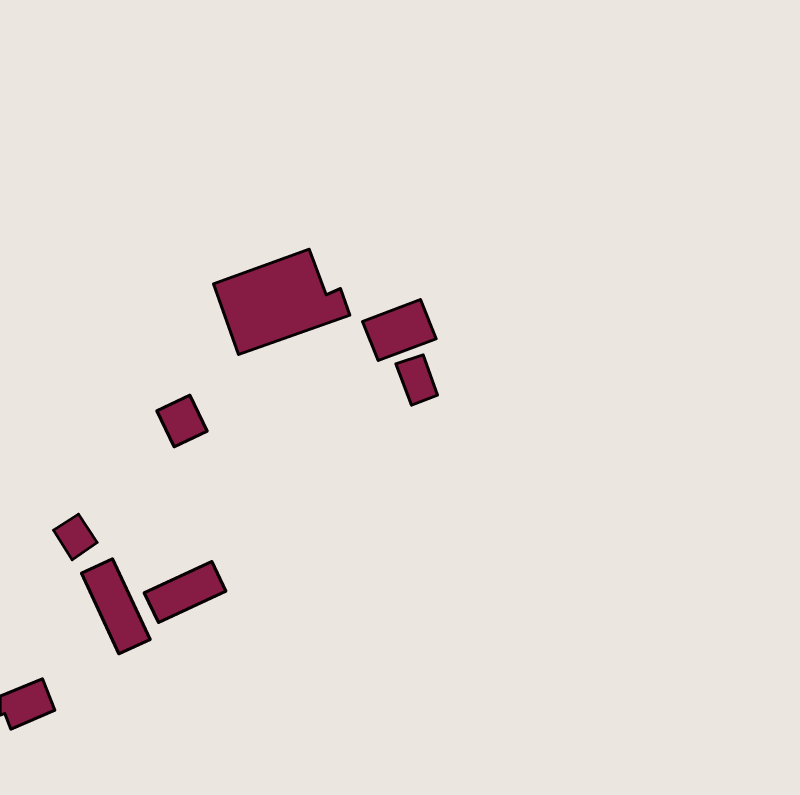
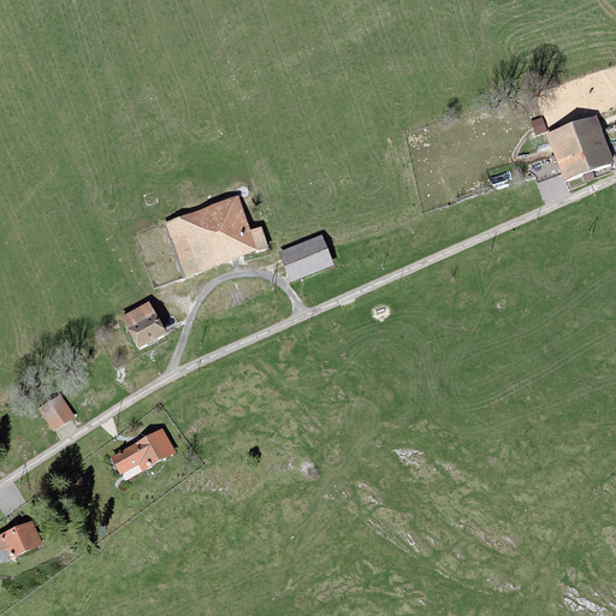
building: none -> [549,119,610,182]
building: [396,355,438,405] -> none
building: [81,559,150,654] -> none

